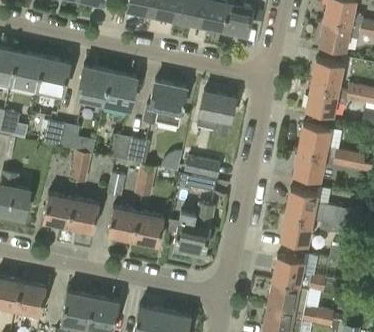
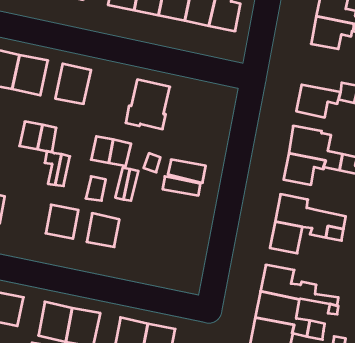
building: [311,59,343,90] -> none
building: [104,71,137,109] -> none
building: [197,91,235,137] -> none
building: [43,194,73,226] -> none
building: [168,203,214,254] -> none
building: [133,213,164,245] -> none

